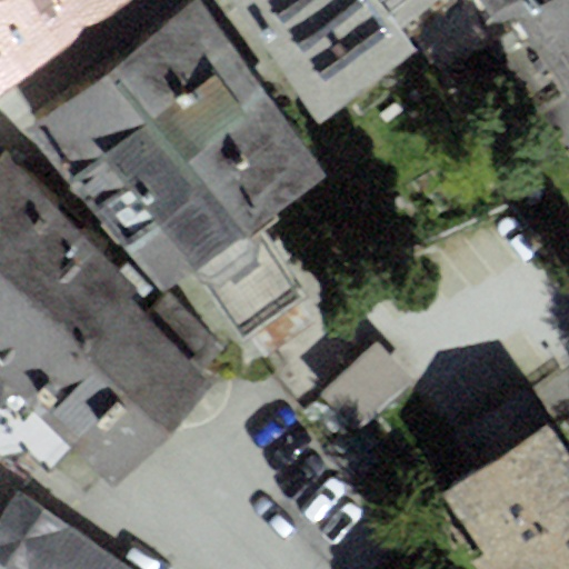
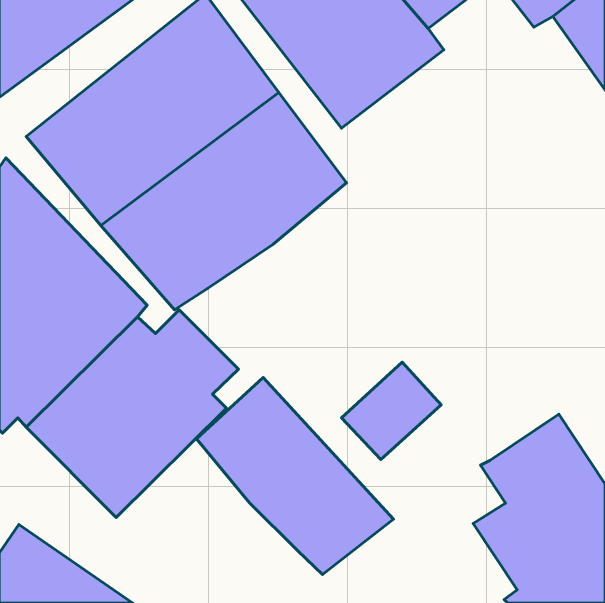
building: [194,229,303,333] -> none
building: none -> [196,378,393,574]

